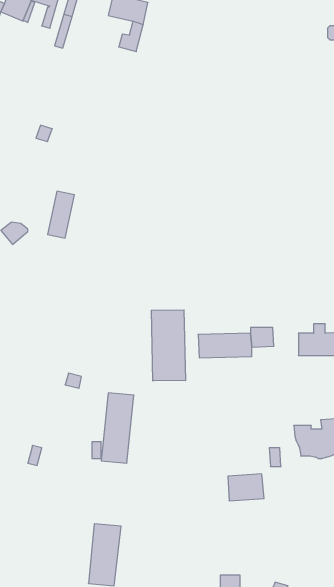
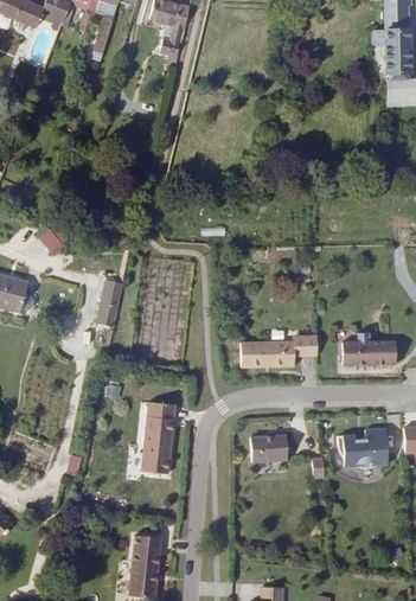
building: [48,191,74,238] -> [97,279,124,326]
building: [151,310,185,381] -> none
building: [228,474,264,501] -> [251,434,288,461]

